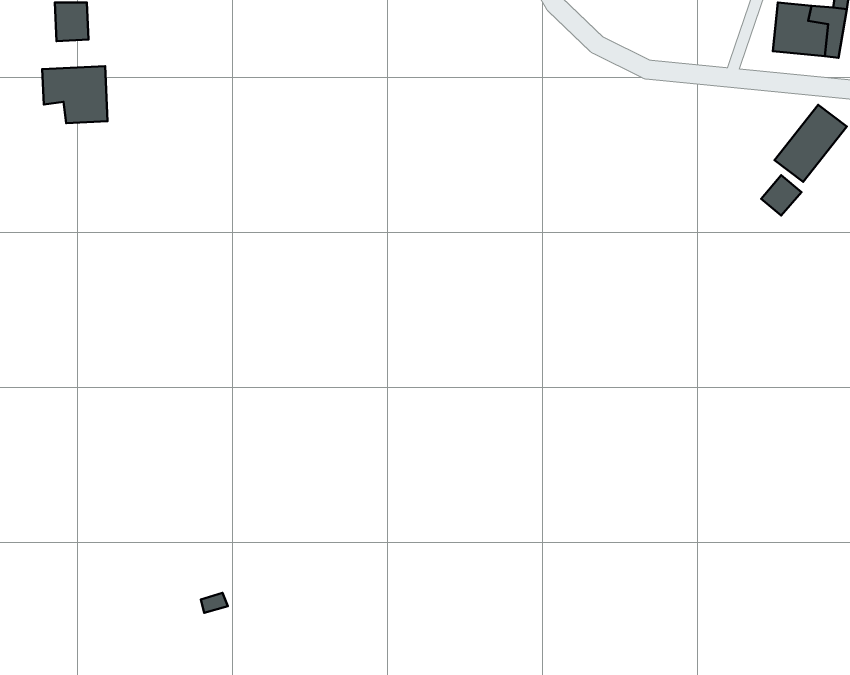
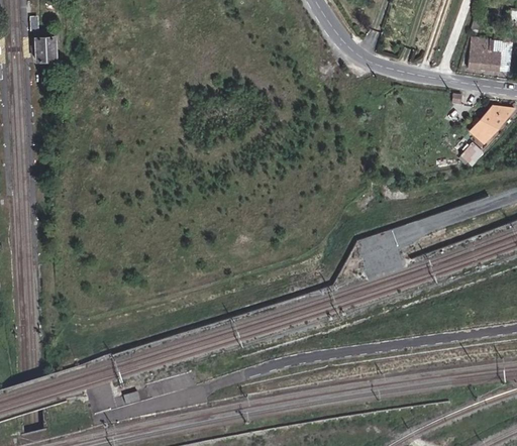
building: [42,66,107,123] -> none

